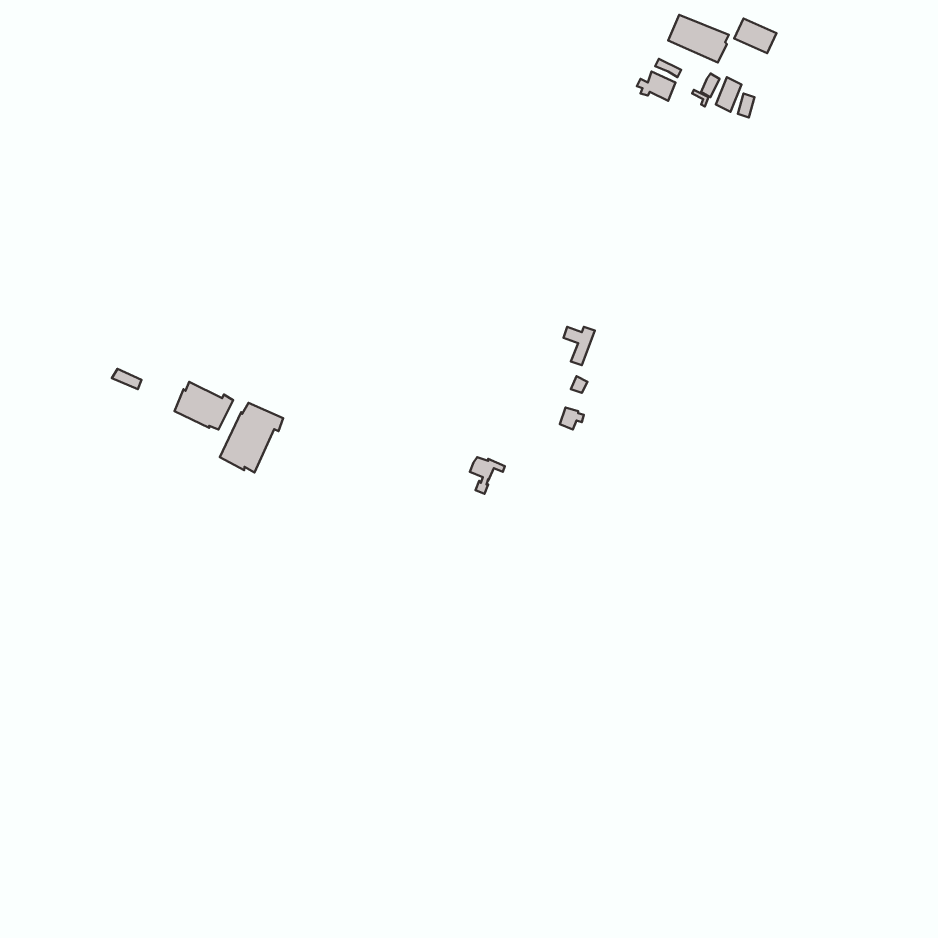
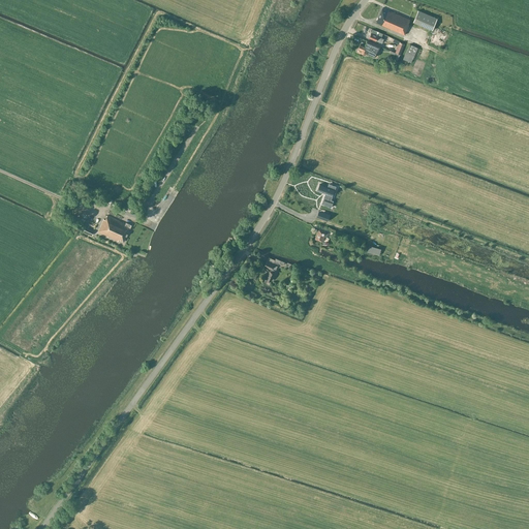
building: [220,403,283,473] -> none

